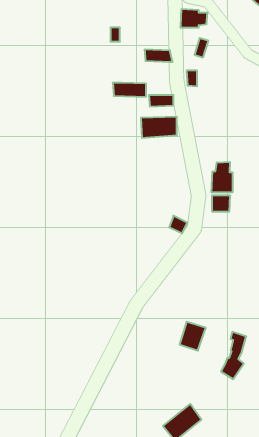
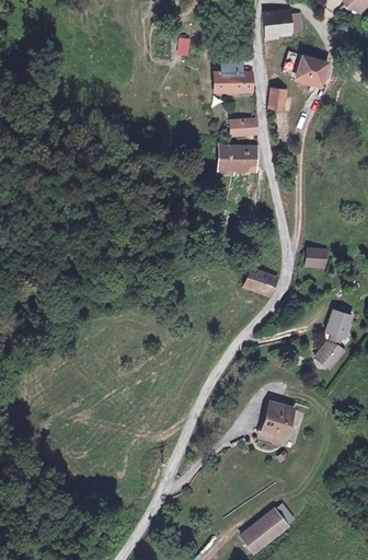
building: none -> [294,46,329,89]
building: [113,83,146,97] -> [209,78,251,95]
building: [211,162,232,192] -> none
building: [221,332,246,379] -> [315,313,347,372]

